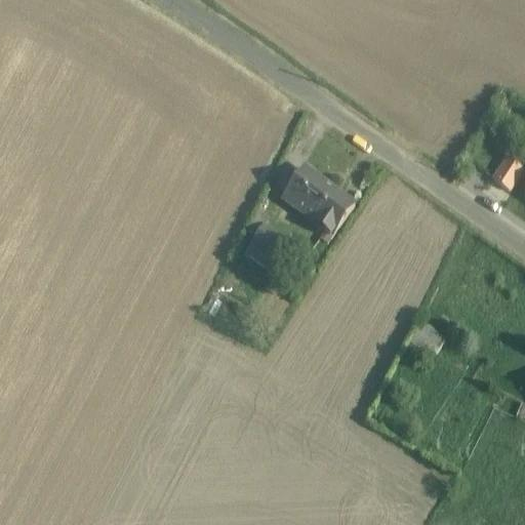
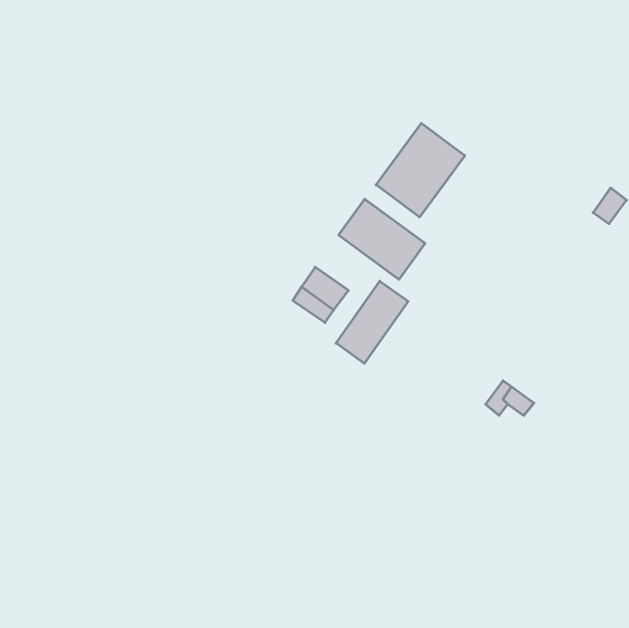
building: none -> [376,123,465,217]
building: none -> [336,281,408,363]

